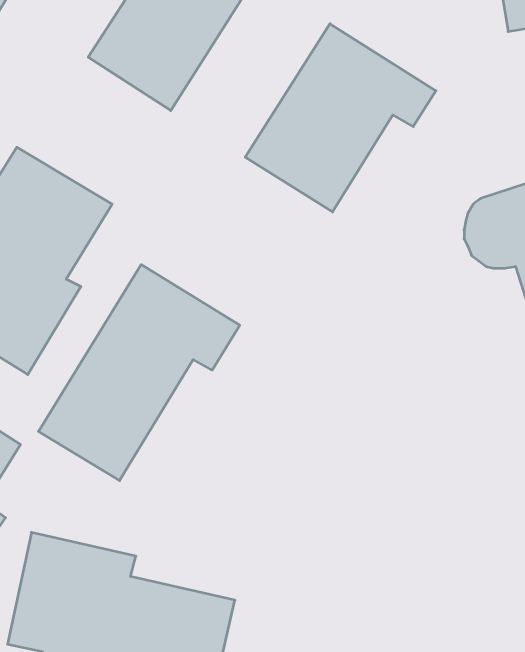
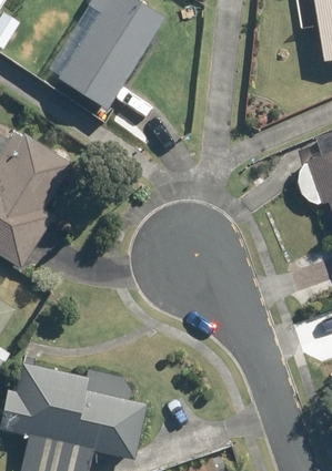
building: [245,24,436,212] -> none
building: [38,265,240,481] -> none

